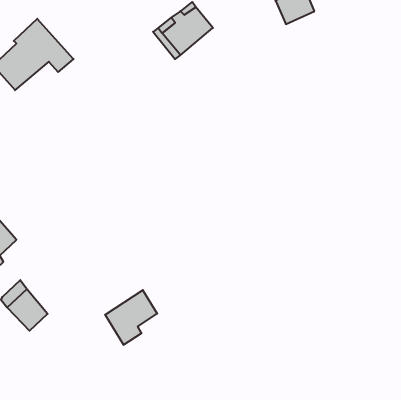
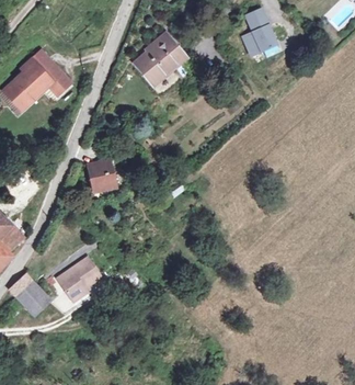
building: none -> [90,161,117,190]
building: [105,290,157,345] -> [57,256,101,302]

